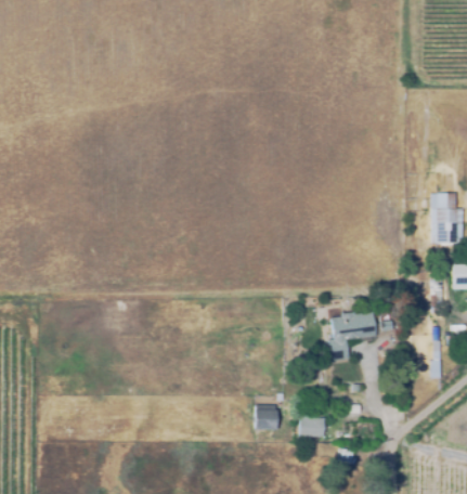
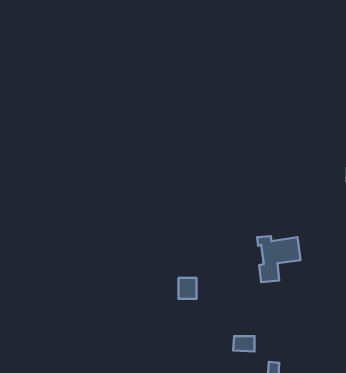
building: [256,404,276,428] -> [178,278,197,299]

